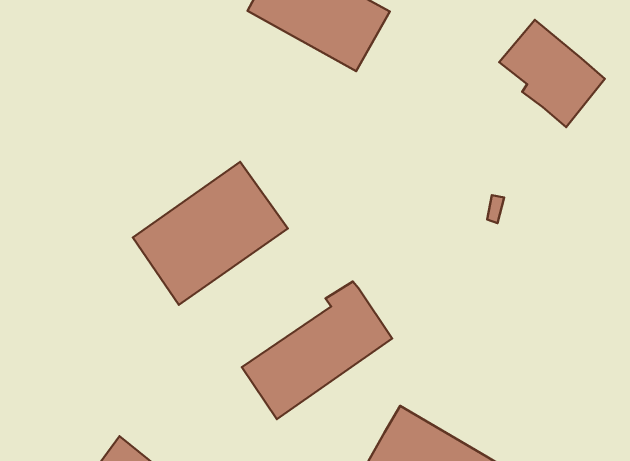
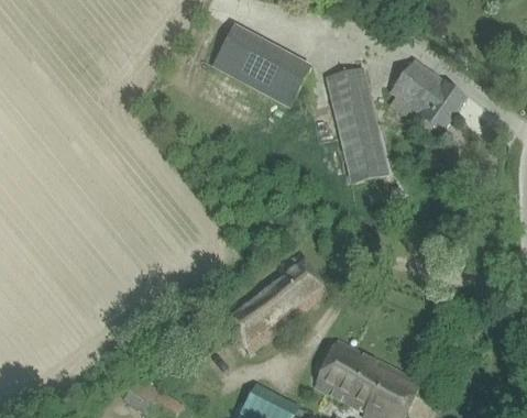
building: none -> [325,67,389,185]
building: [133,162,288,305] -> none

